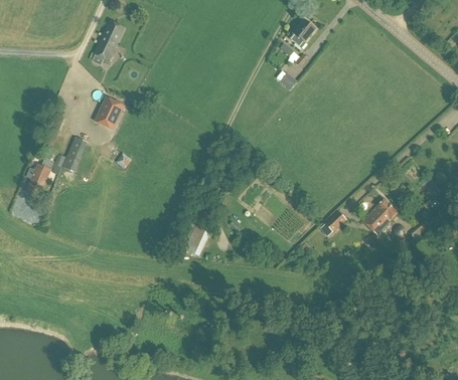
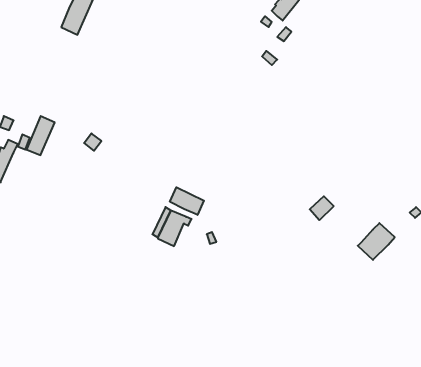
building: [94,97,124,129] -> none
building: [362,199,397,233] -> [358,223,395,260]
building: none -> [170,187,204,215]

